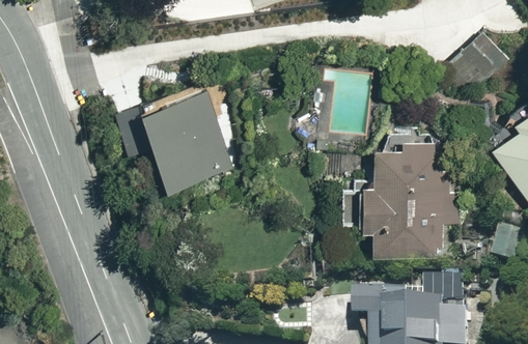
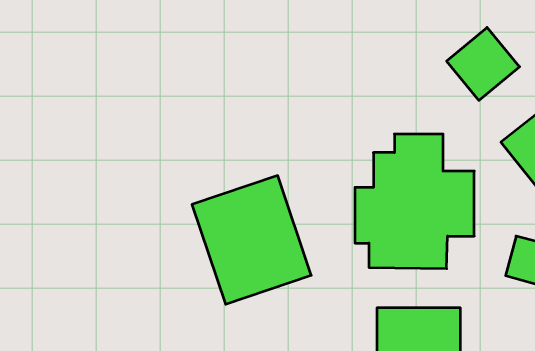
building: [136,79,243,194] -> [192,176,311,304]

